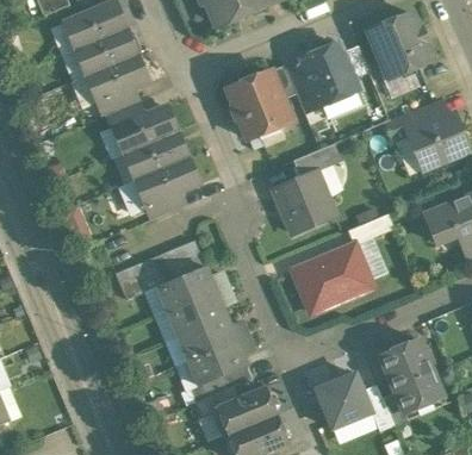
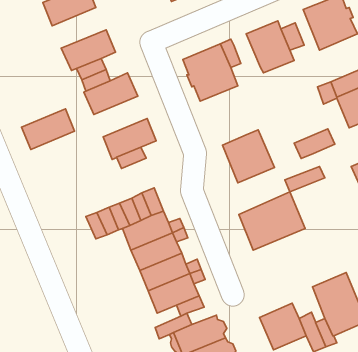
building: [74,30,137,77] -> none
building: [286,67,317,107] -> none
building: [123,133,185,181] -> [21,109,75,150]
building: [292,144,340,179] -> [294,129,335,159]

